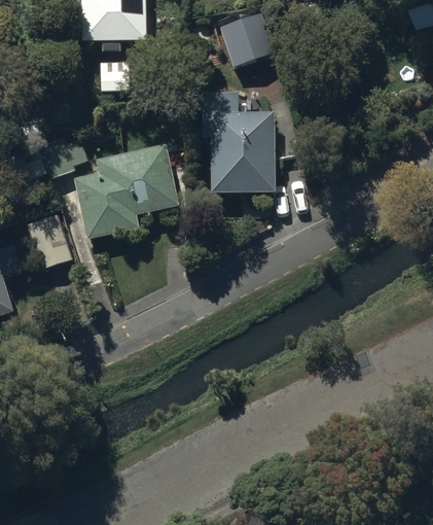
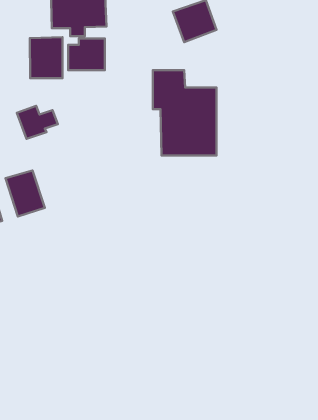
building: none -> [30,37,63,78]
building: [74,140,190,240] -> none

